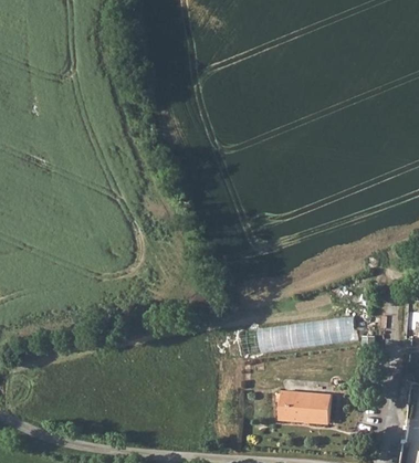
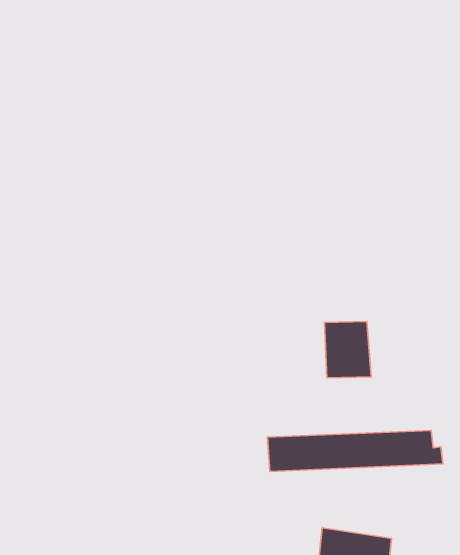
building: none -> [324,321,371,378]

